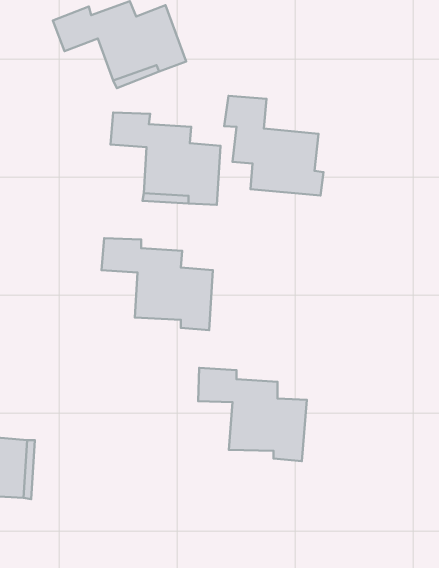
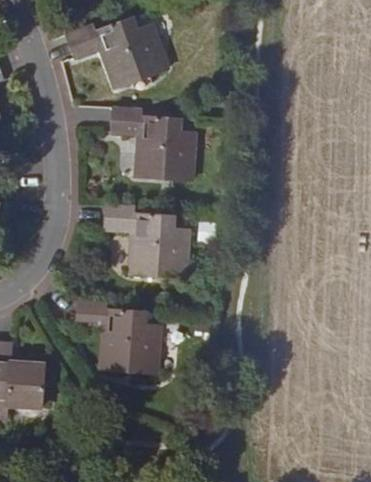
building: [224,96,323,195] -> none
building: [198,368,307,461] -> [75,300,160,373]

